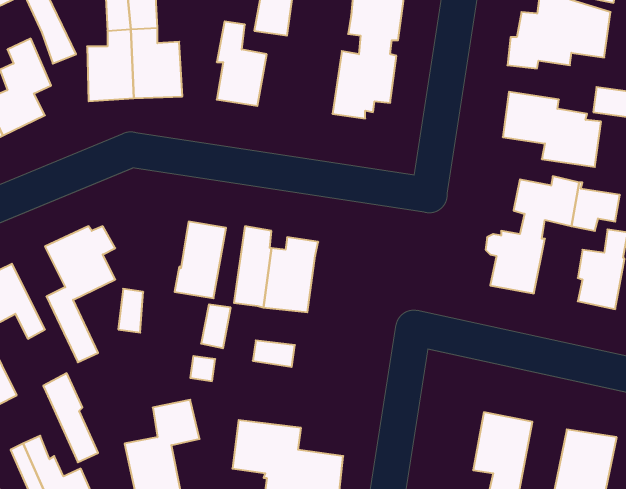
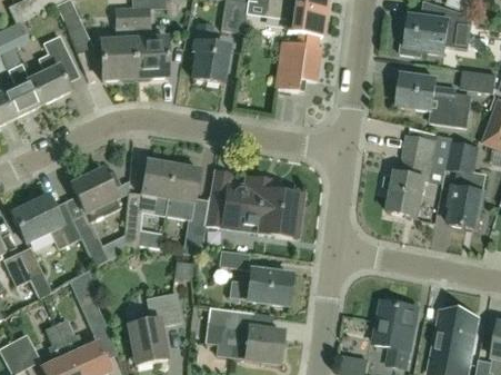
building: none -> [139,160,173,213]
building: none -> [257,179,301,237]
building: none -> [230,269,291,305]

